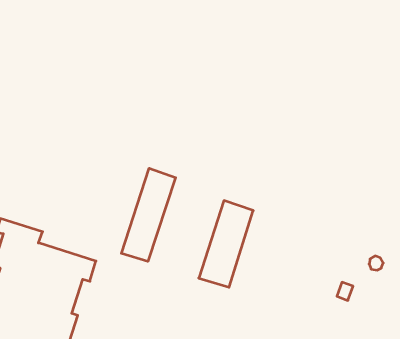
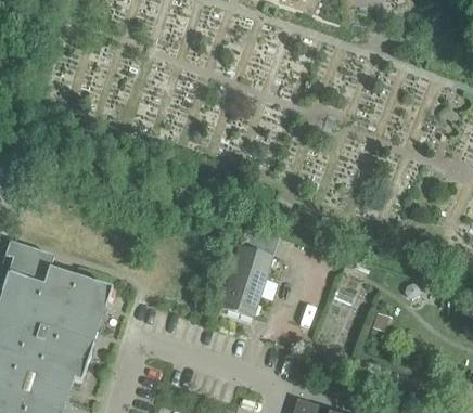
building: [121,168,176,261] -> none

